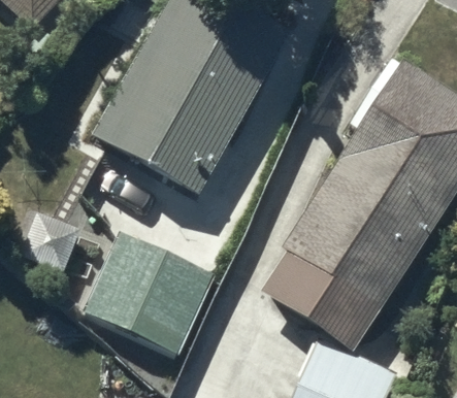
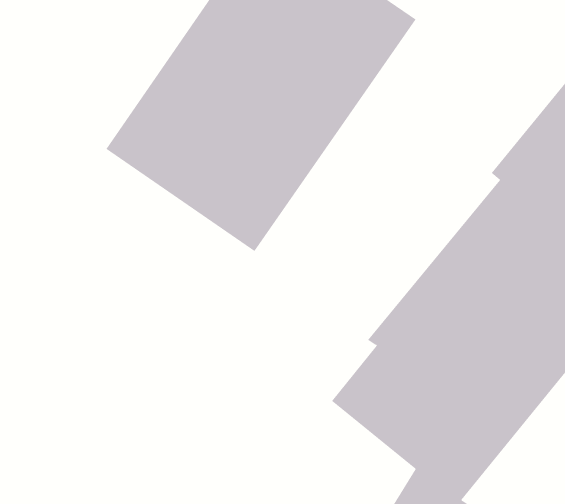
building: [80,233,215,359] -> none

